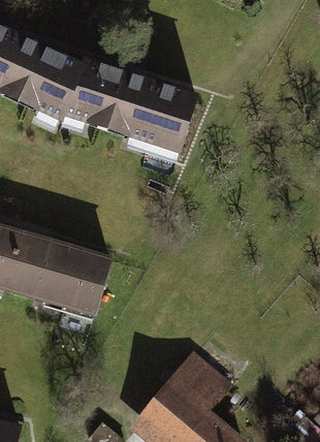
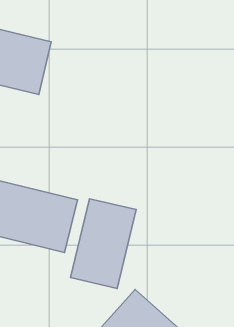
building: [66,55,197,148] -> none
building: none -> [70,199,136,289]

